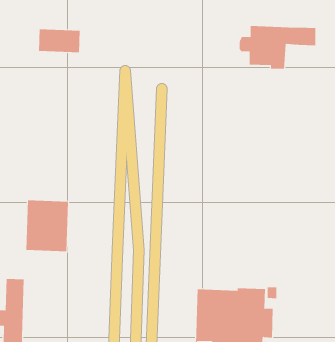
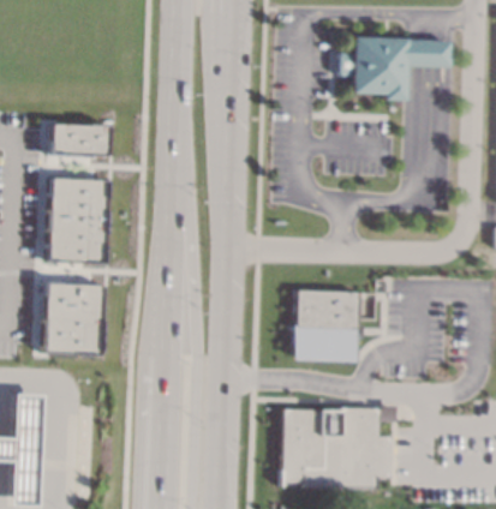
building: [38,29,81,53] -> [48,122,108,156]
building: none -> [44,176,107,263]
building: none -> [293,291,359,361]

